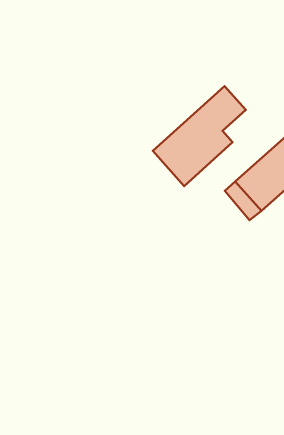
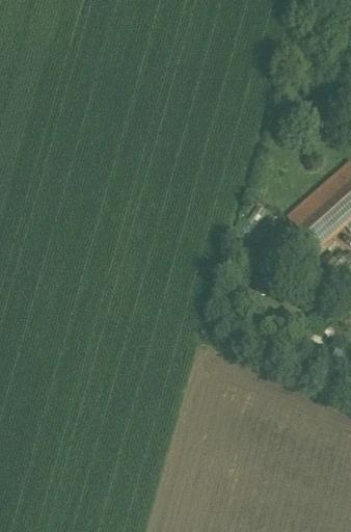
building: [153,86,246,186] -> none

